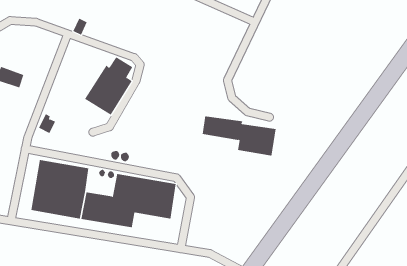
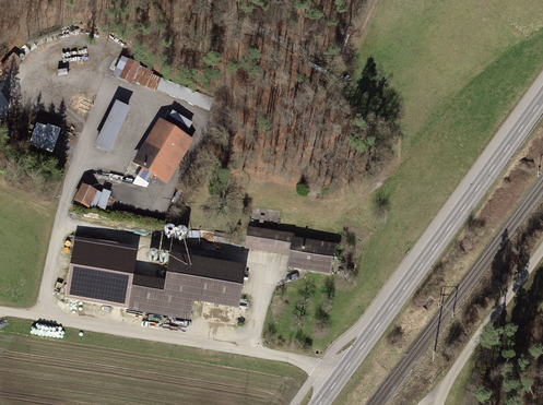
building: none -> [93,98,129,148]
building: [202,116,277,156] -> [243,225,335,275]

